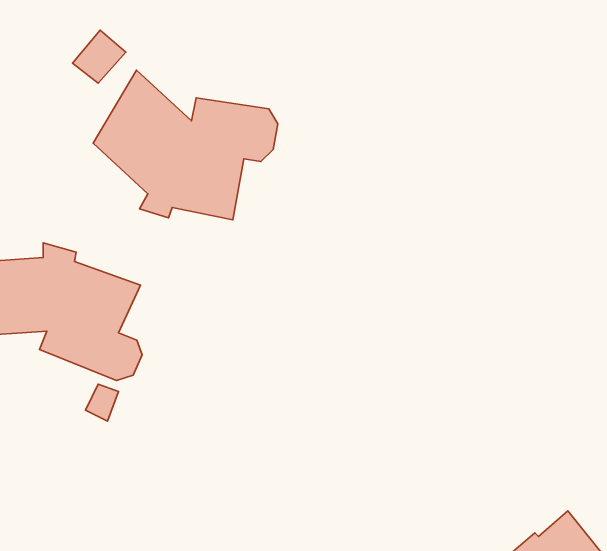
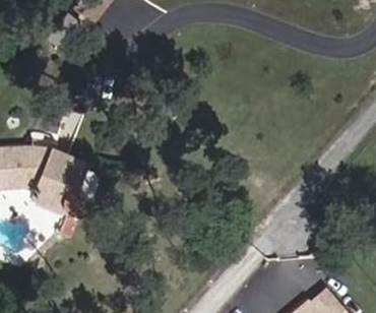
building: [93,70,278,220] -> none

